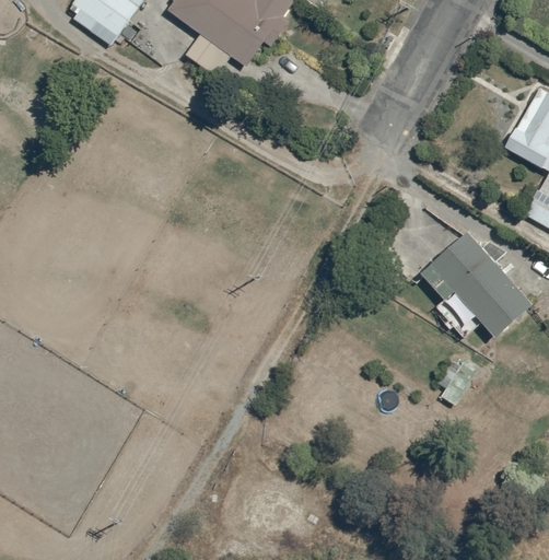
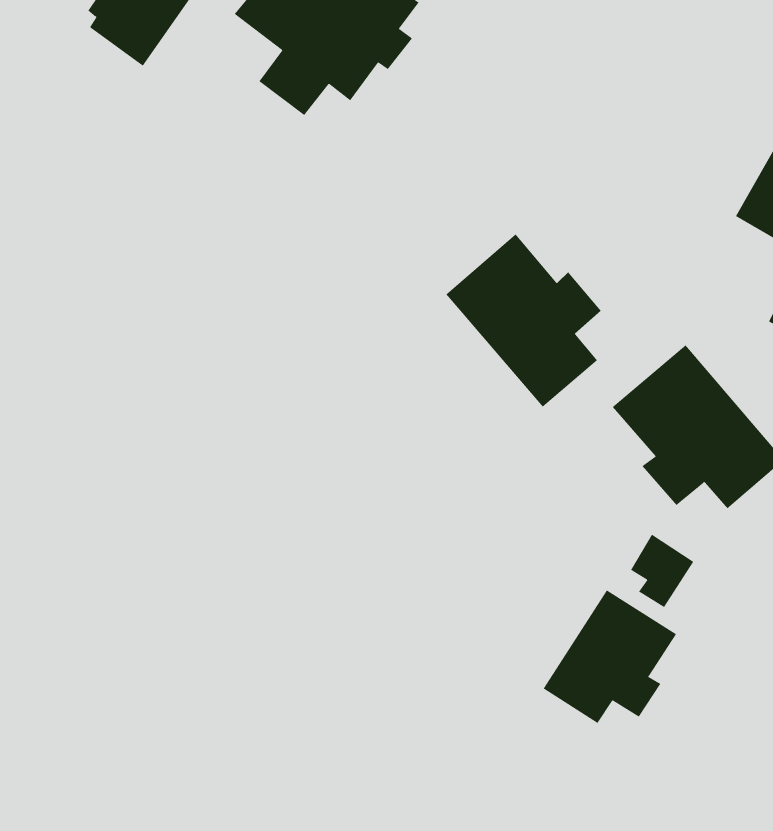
building: none -> [446,233,601,408]
building: none -> [543,590,677,724]

